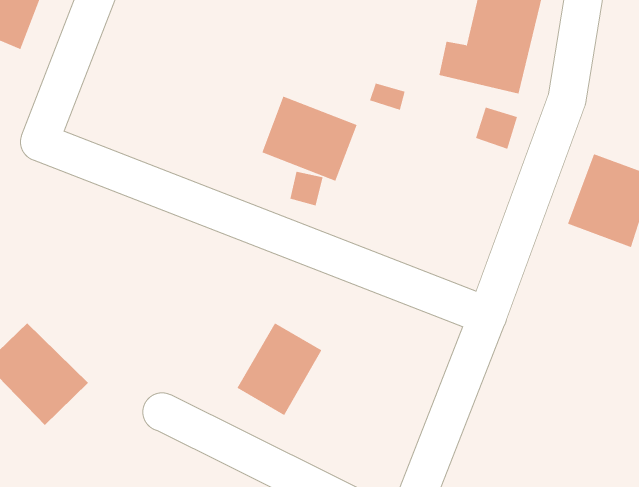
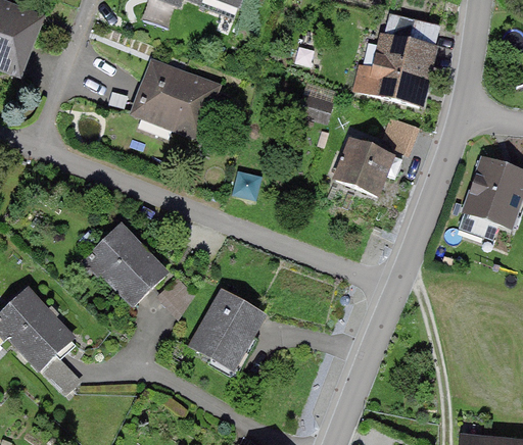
building: [262,96,357,182] -> [136,62,213,132]
building: none -> [335,139,401,193]
building: none -> [86,224,169,306]

